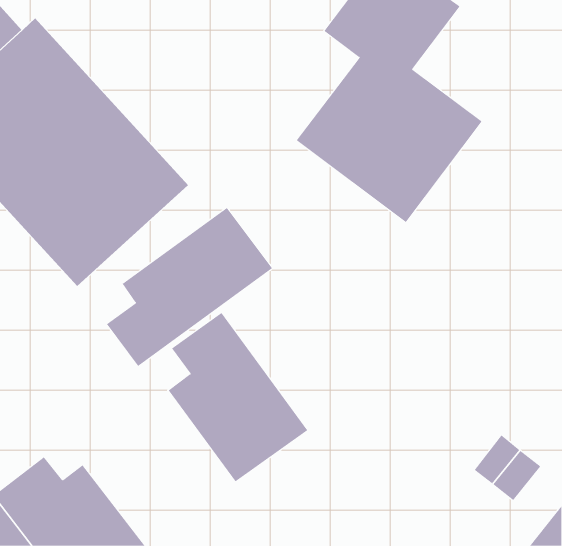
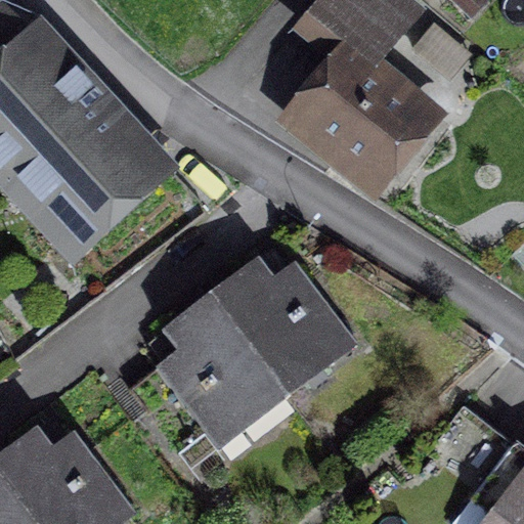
building: [106,207,273,367] -> none
building: none -> [206,255,358,399]

